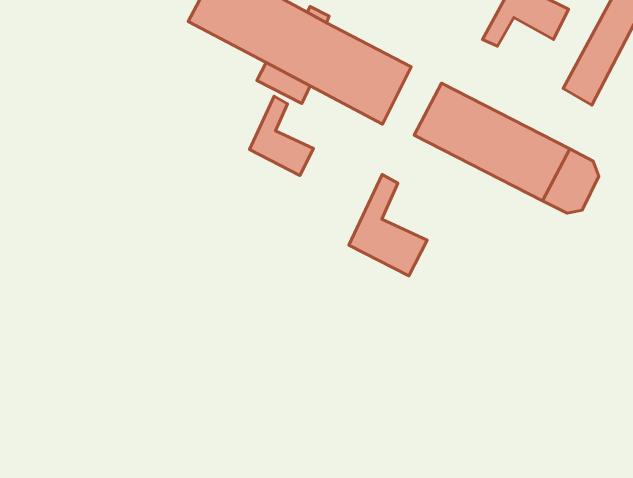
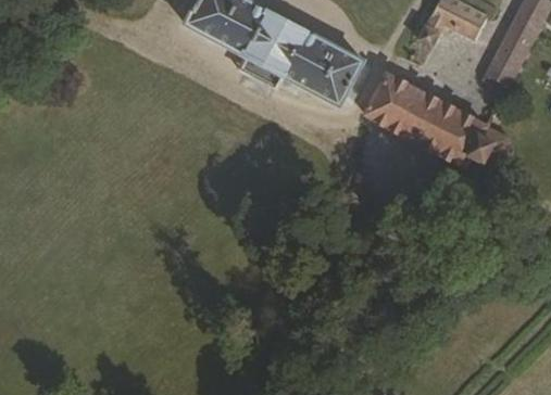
building: [249,96,314,175] -> none
building: [349,174,427,276] -> none

